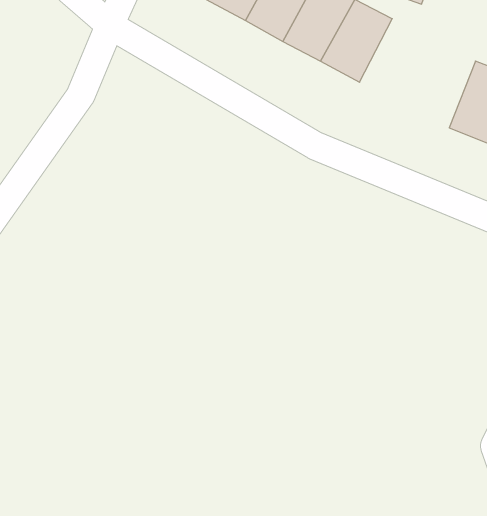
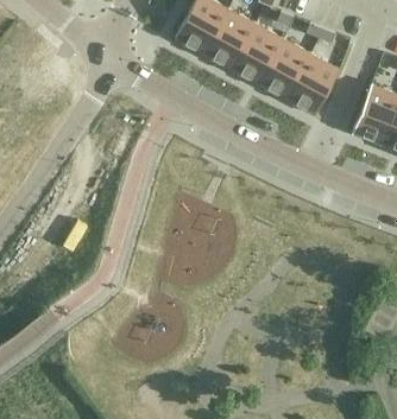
building: none -> [286,53,340,115]

